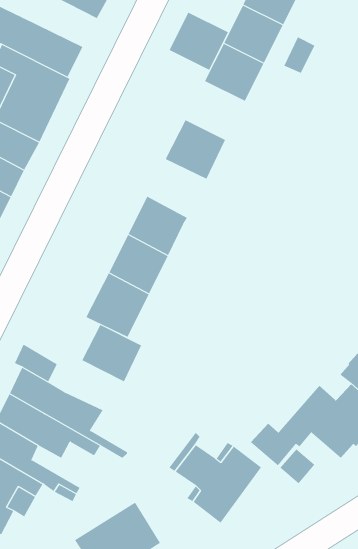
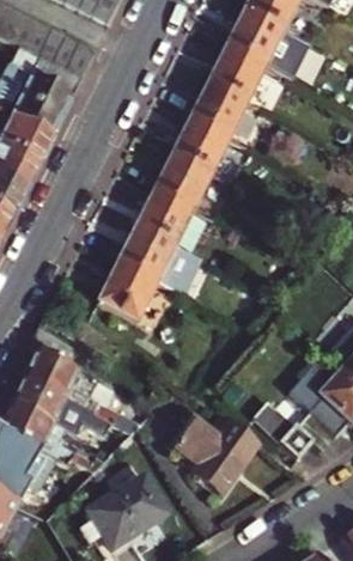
building: [169,12,229,71] -> [190,81,247,136]
building: none -> [154,154,211,209]
building: [82,324,142,382] -> none

